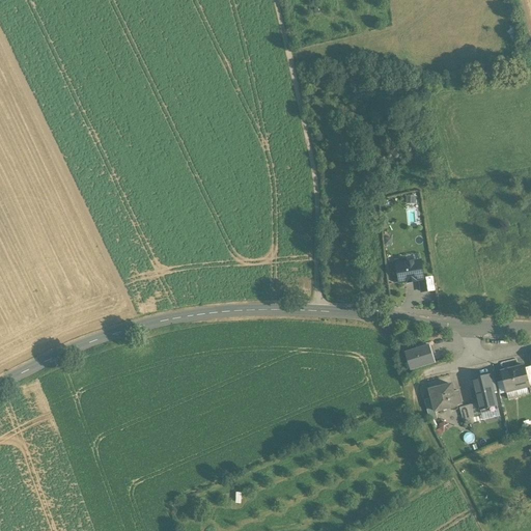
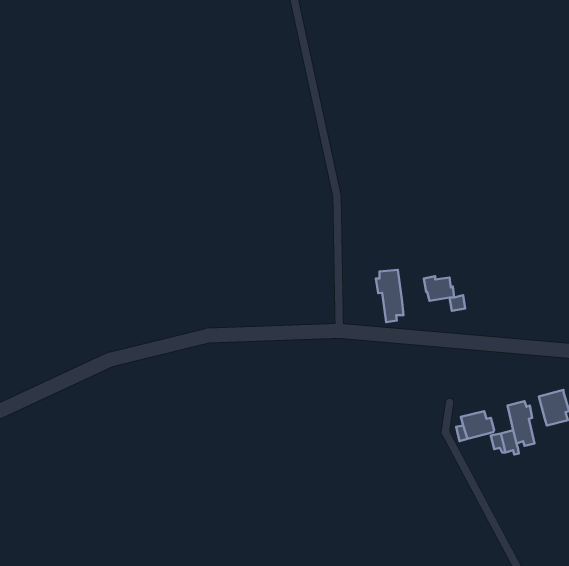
building: none -> [376,270,404,322]
building: [404,343,434,368] -> none

